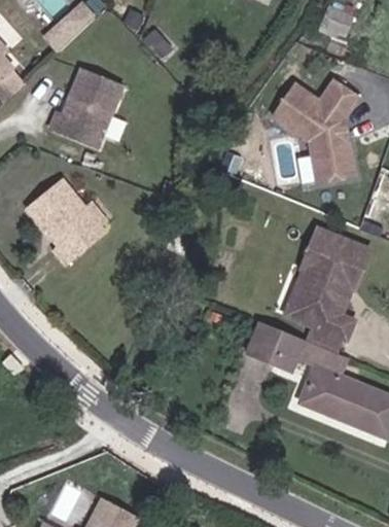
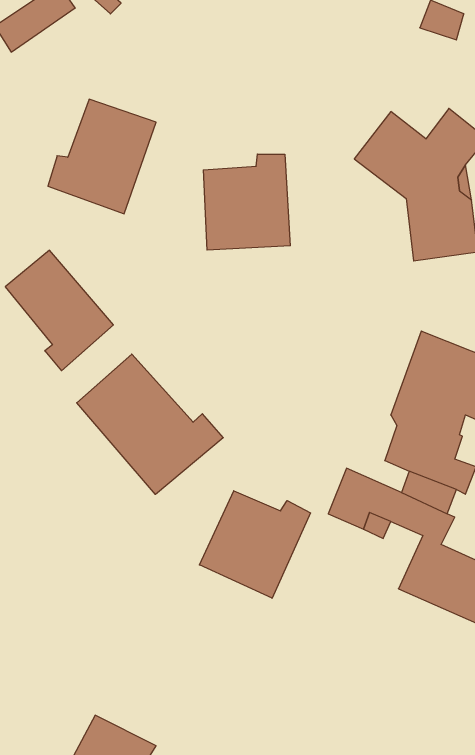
building: none -> [203,154,290,250]
building: none -> [77,354,223,494]
building: none -> [199,491,310,598]

